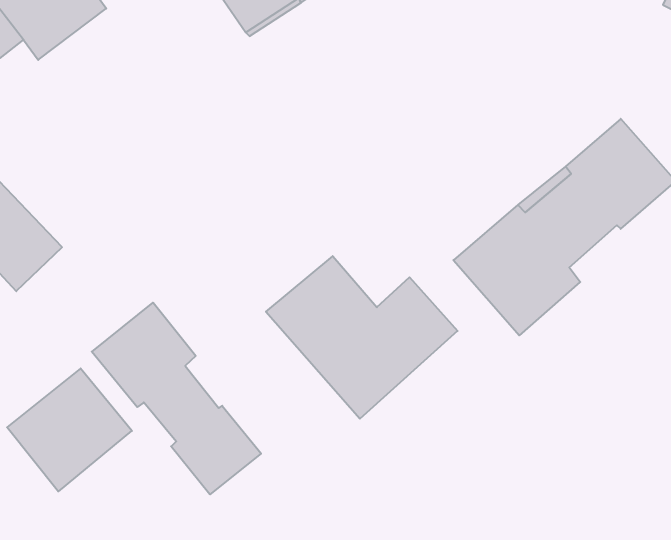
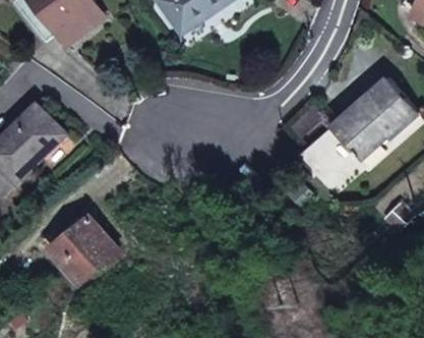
building: [266,256,458,419] -> none
building: [92,303,261,494] -> none

